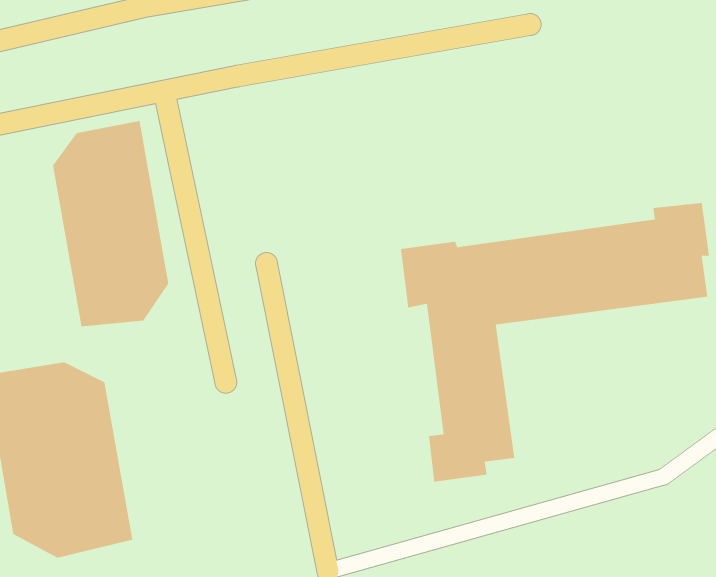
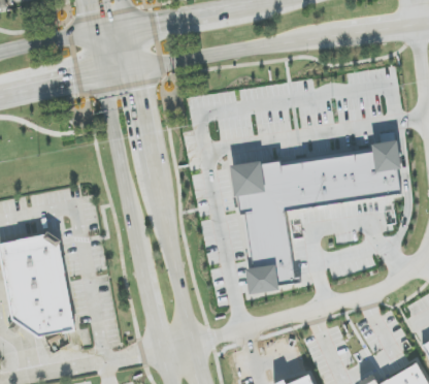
building: [52,120,169,327] -> none

